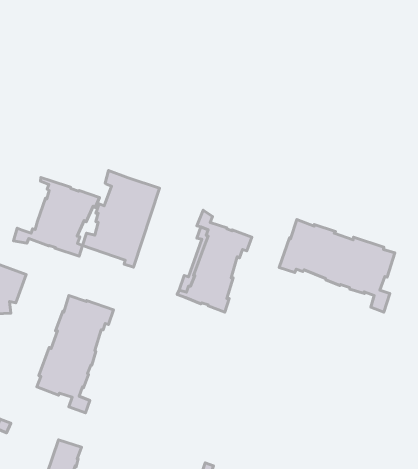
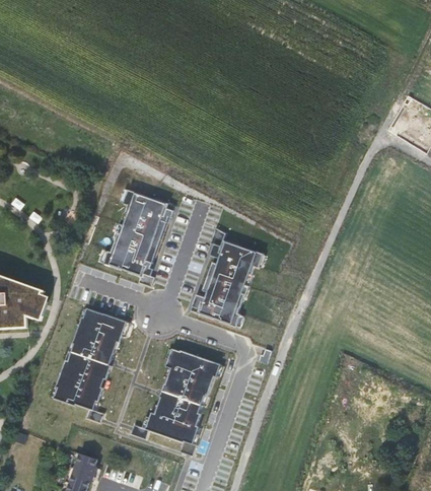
building: [14,177,99,256] -> none
building: [279,219,395,312] -> none
building: none -> [131,348,222,457]

